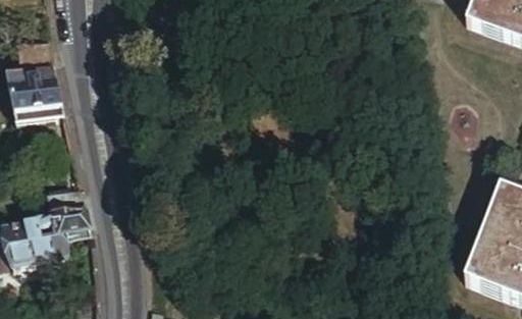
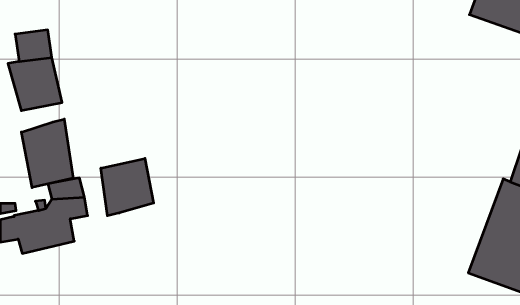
building: none -> [21,119,73,188]
building: none -> [101,158,154,216]

